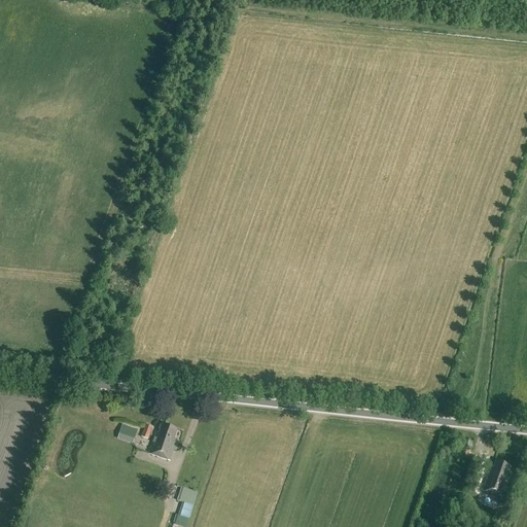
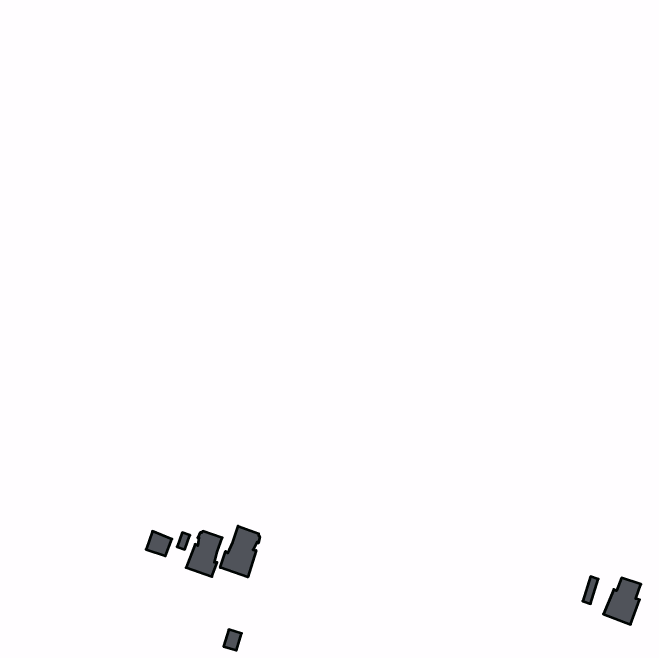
building: none -> [220,526,260,577]

